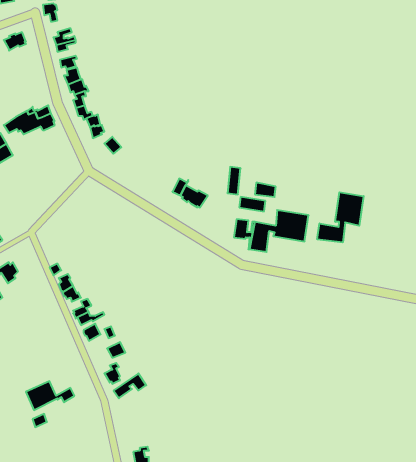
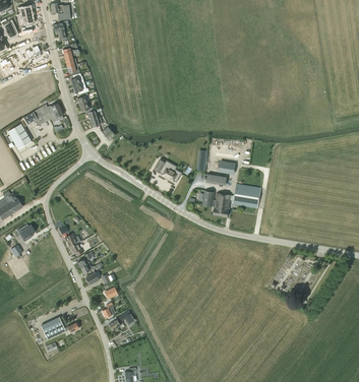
building: [317,192,364,242] -> none

